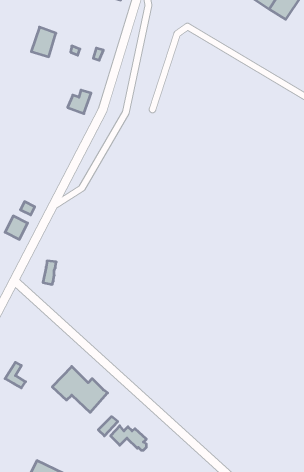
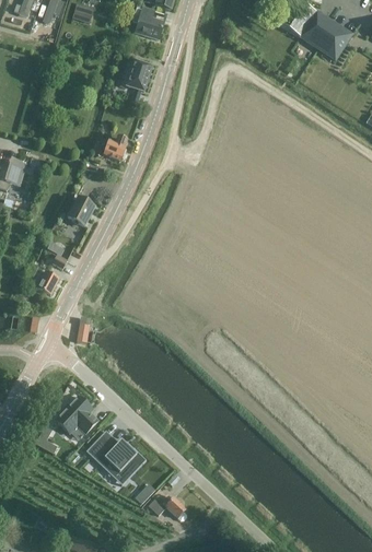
building: [31,27,56,57] -> [125,59,151,91]
building: none -> [67,198,94,226]
building: none -> [56,396,98,433]

